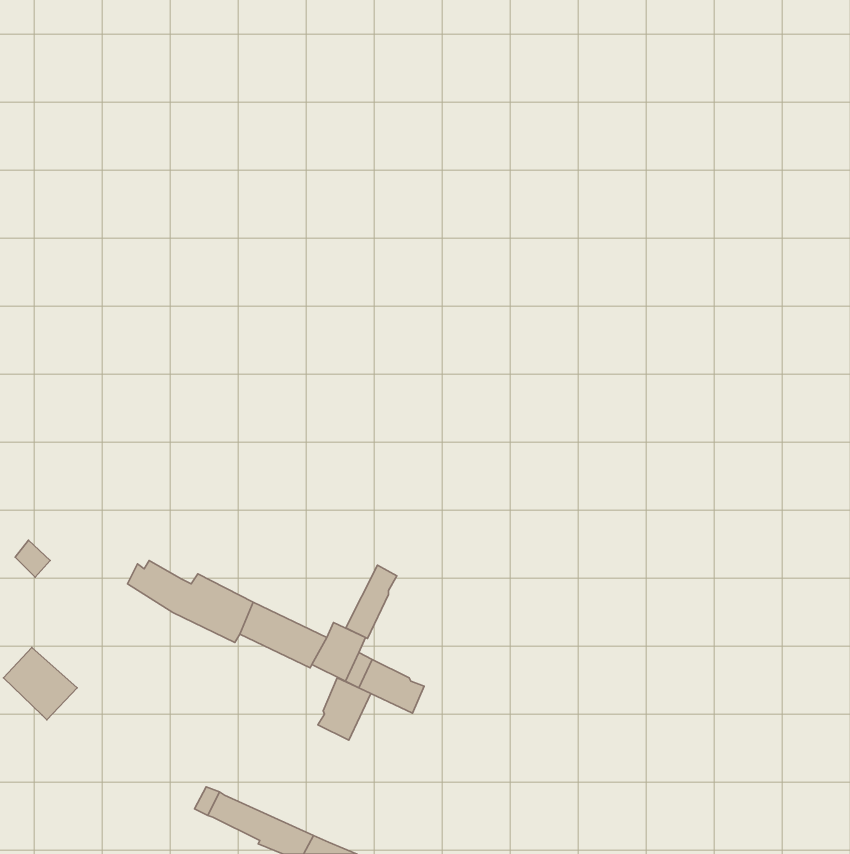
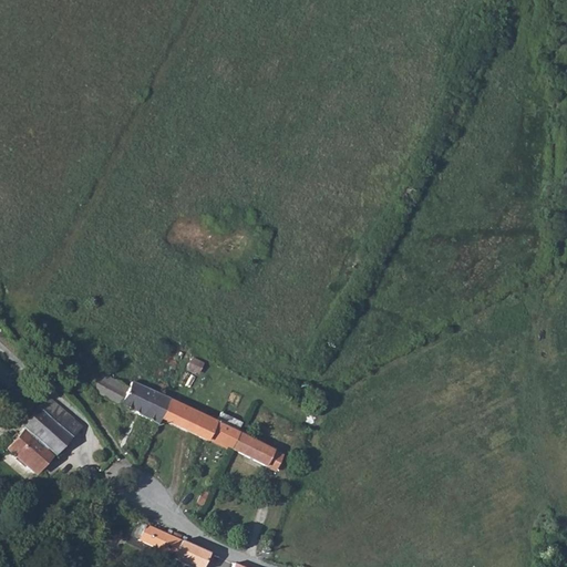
building: [346,565,397,638] -> none
building: none -> [23,386,84,456]
building: [318,678,371,740] -> none

